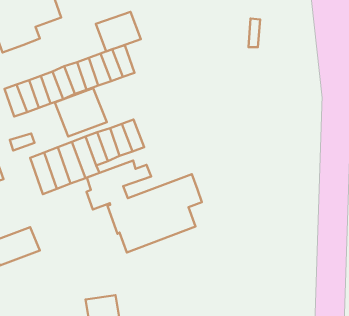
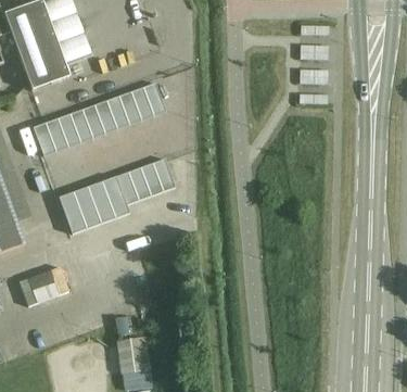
building: [96,12,141,51] -> none
building: [55,88,107,136] -> none
building: [86,161,202,253] -> none

